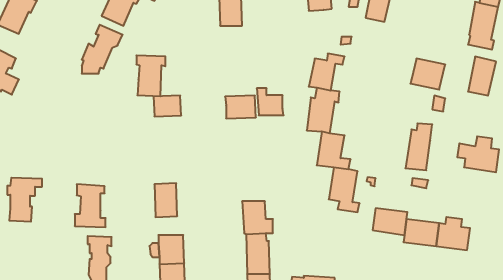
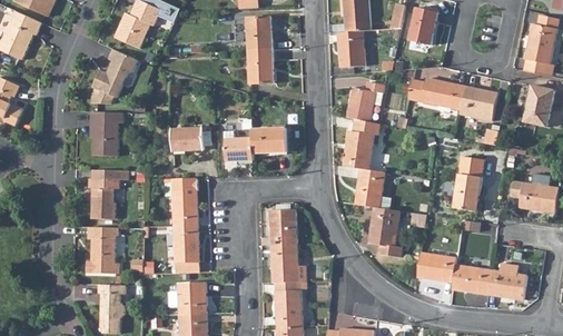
building: none -> [336,31,365,67]
building: none -> [246,49,271,83]
building: none -> [407,77,465,109]
building: [136,55,165,96] -> [89,111,121,157]
building: [257,88,284,115] -> [224,130,254,160]
building: none -> [171,188,197,226]
building: none -> [269,208,296,245]
building: [7,178,42,222] -> [87,170,126,219]

